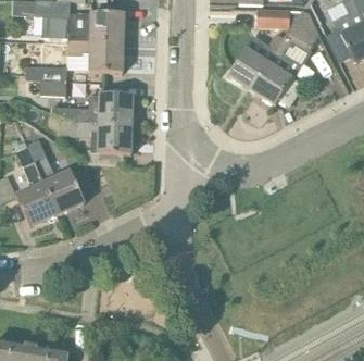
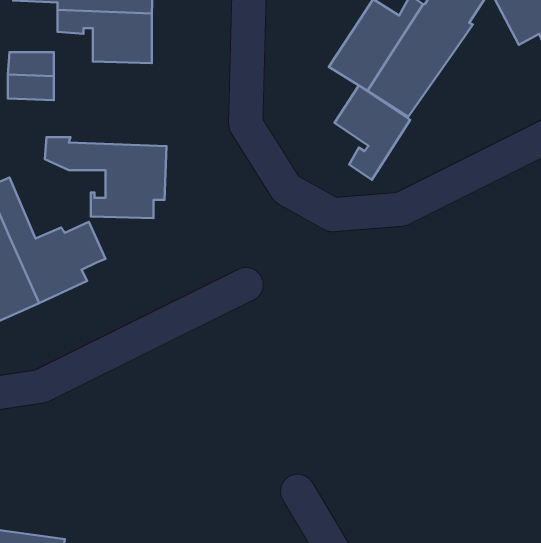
building: none -> [334,86,410,180]
building: [51,92,133,122] -> none

